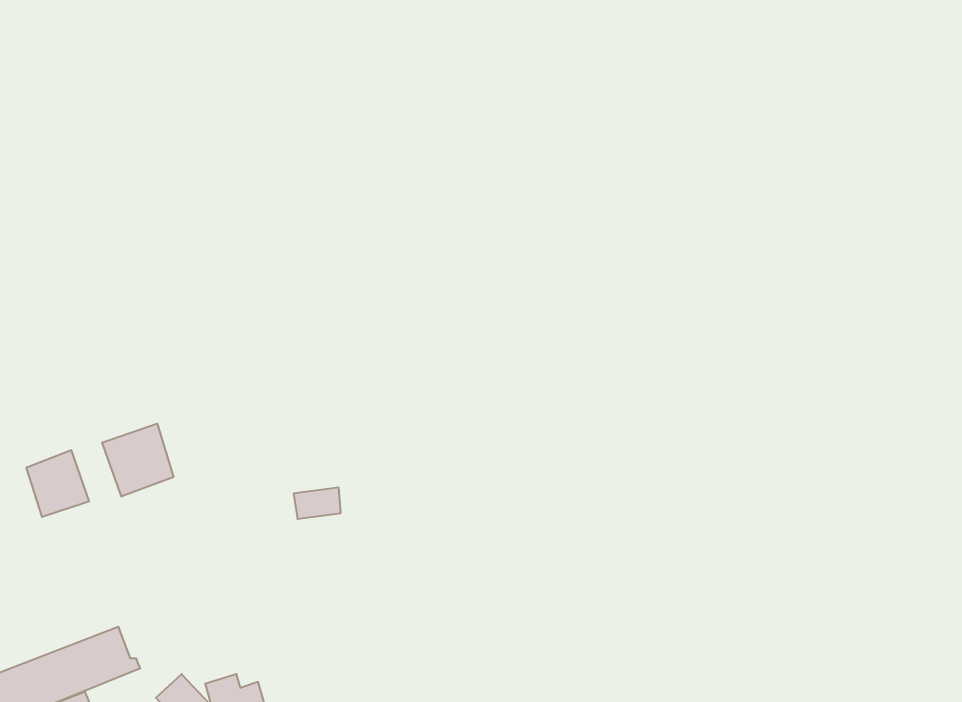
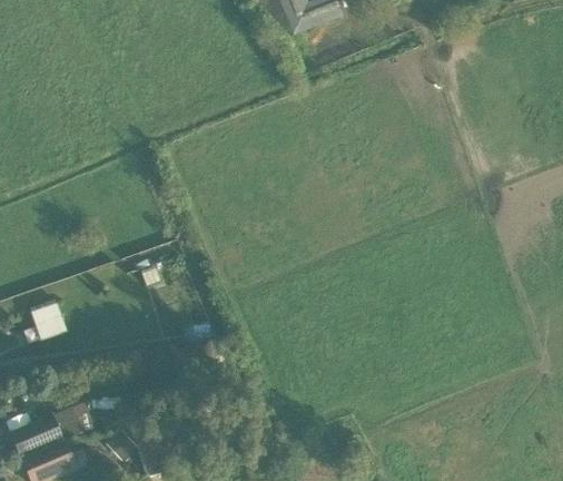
building: [102,424,173,497] -> none

